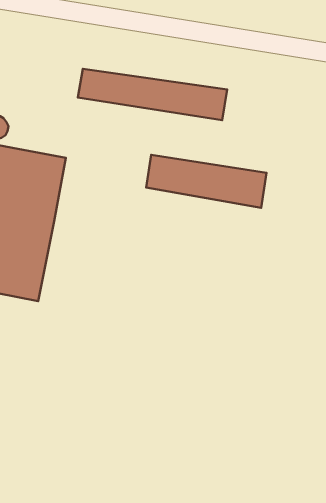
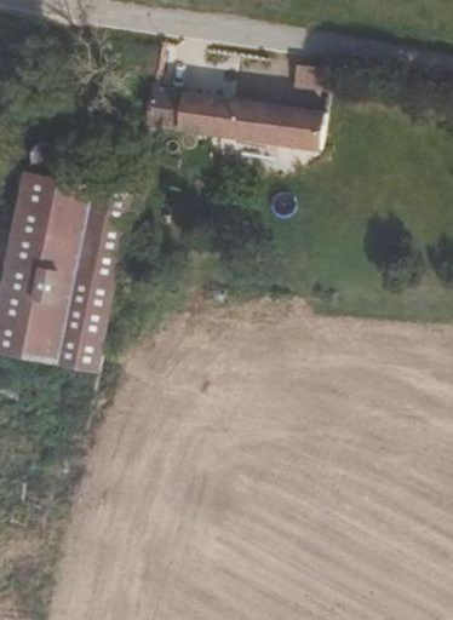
building: [146,155,266,208] -> none

